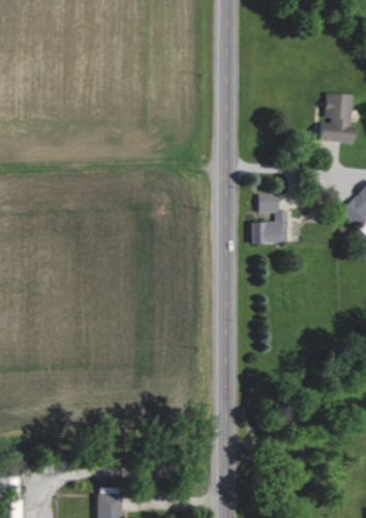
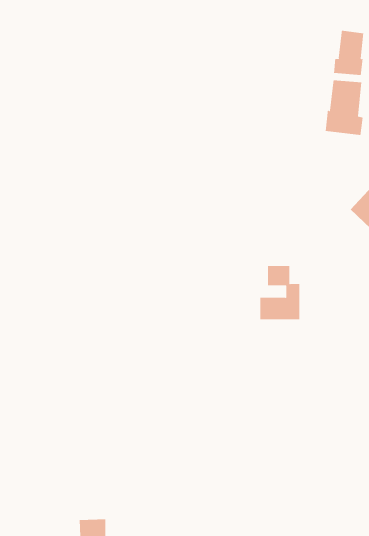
building: none -> [333,30,364,76]
building: [251,193,288,242] -> [259,265,300,320]

